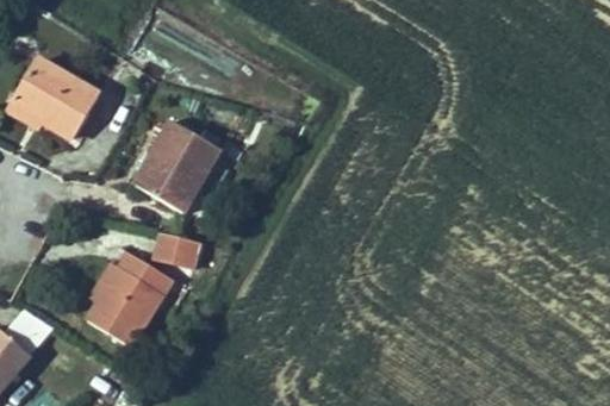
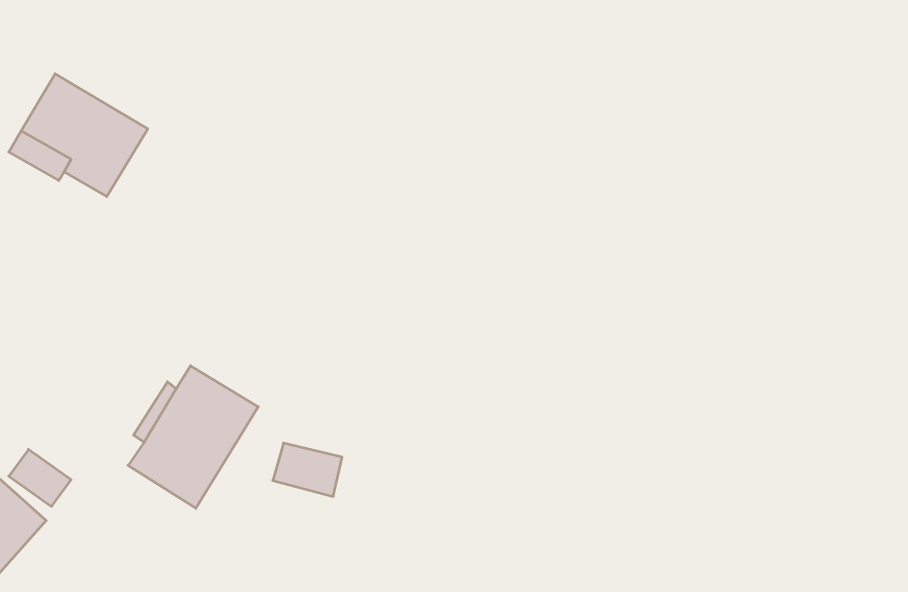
building: [133,120,220,213] -> none
building: [154,231,200,267] -> [273,443,342,496]

